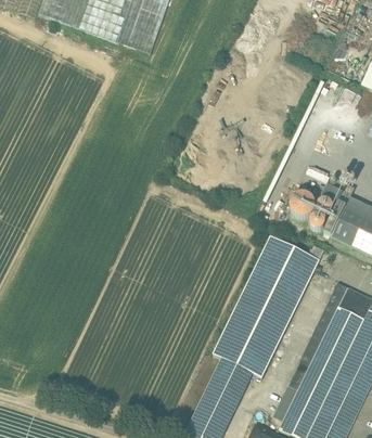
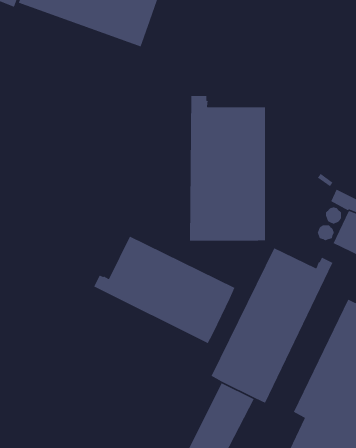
building: none -> [189,95,266,242]
building: [292,192,317,217] -> none
building: none -> [93,235,235,344]

